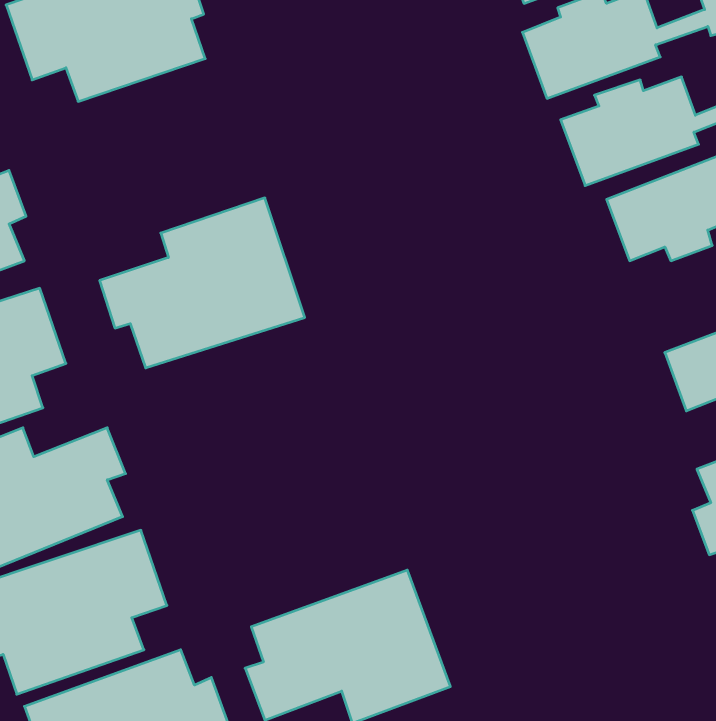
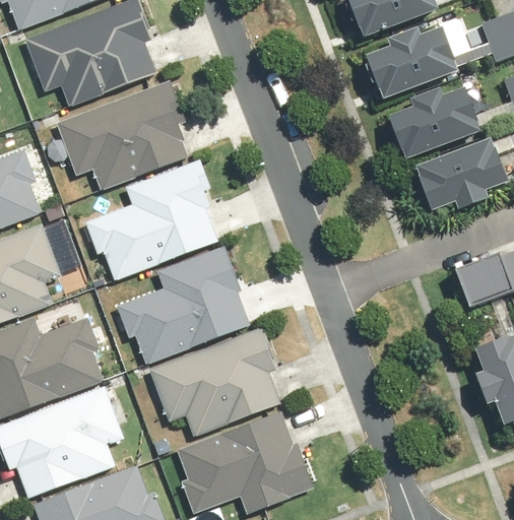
building: none -> [58,83,189,188]
building: none -> [112,247,248,360]
building: none -> [147,332,278,436]

